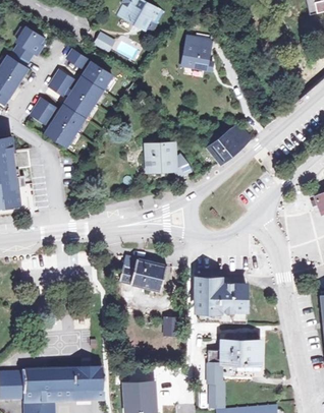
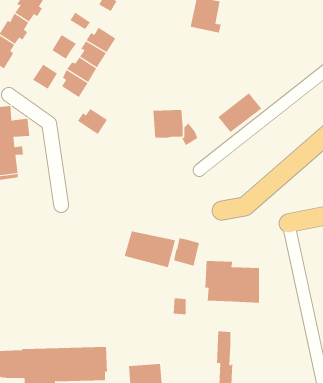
building: [47,118,76,143] -> [77,108,108,135]
building: none -> [173,237,199,267]
building: [222,336,260,366] -> none

